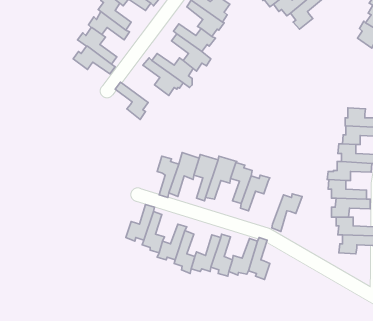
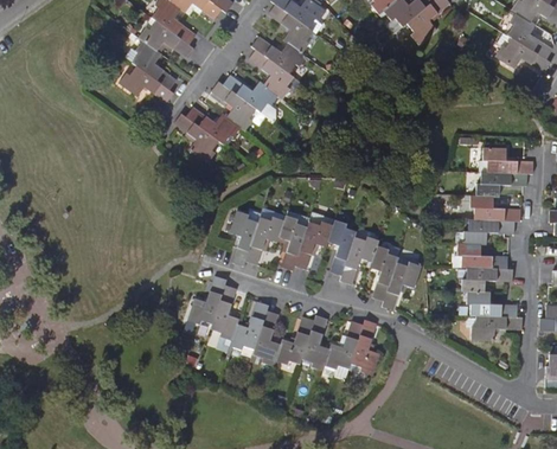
building: none -> [186,107,241,143]
building: none -> [370,244,398,301]

